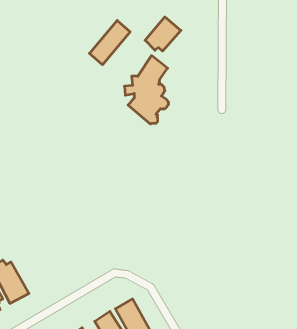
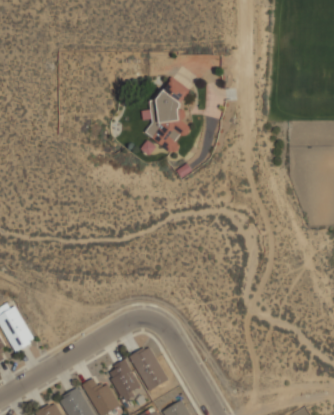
building: [145,17,181,51] -> none
building: [89,20,130,65] -> none

